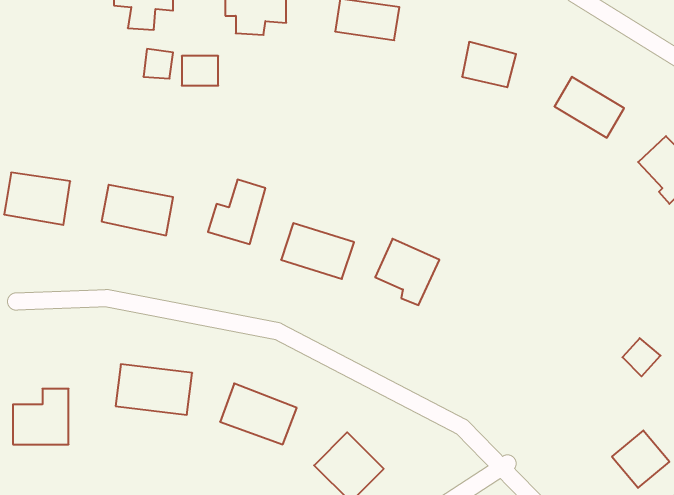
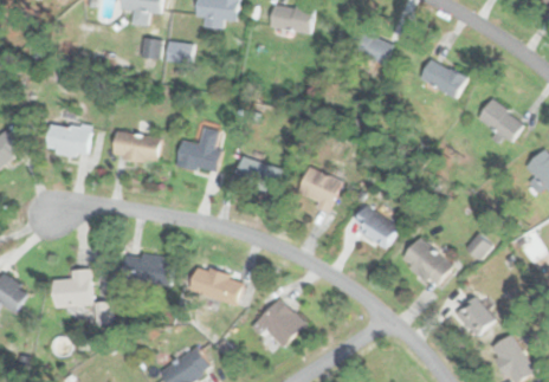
building: none -> [351,206,399,247]
building: none -> [401,238,454,287]

